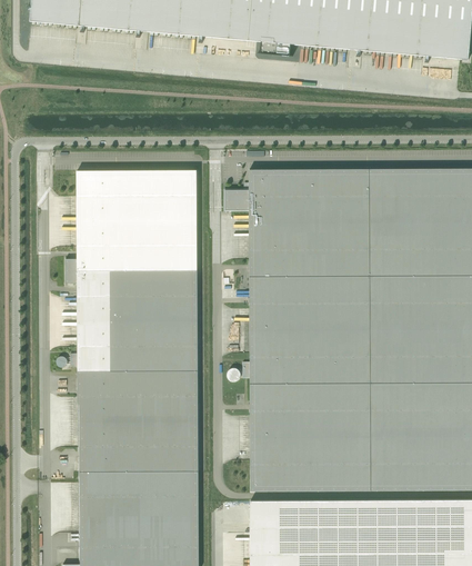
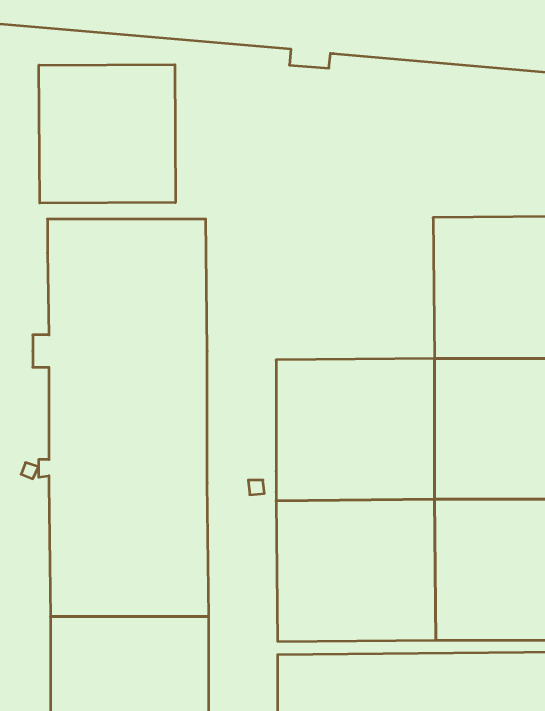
building: none -> [39,65,175,203]
building: [225,170,370,278] -> none

